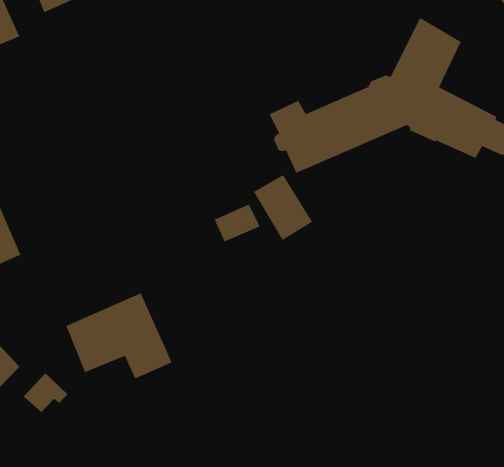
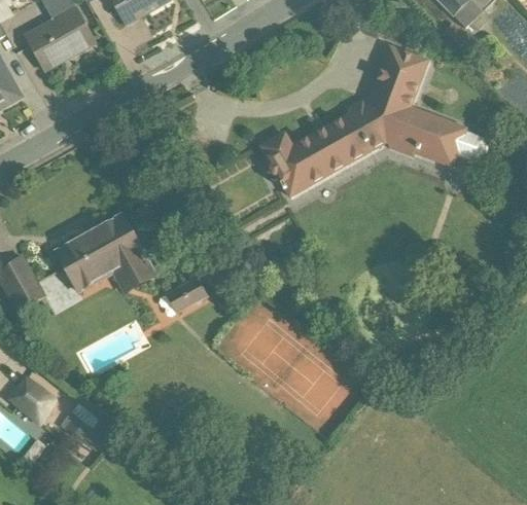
building: [253,174,313,241] -> none
building: [214,204,261,242] -> [165,275,208,312]
building: [65,293,173,379] -> [57,214,157,293]

